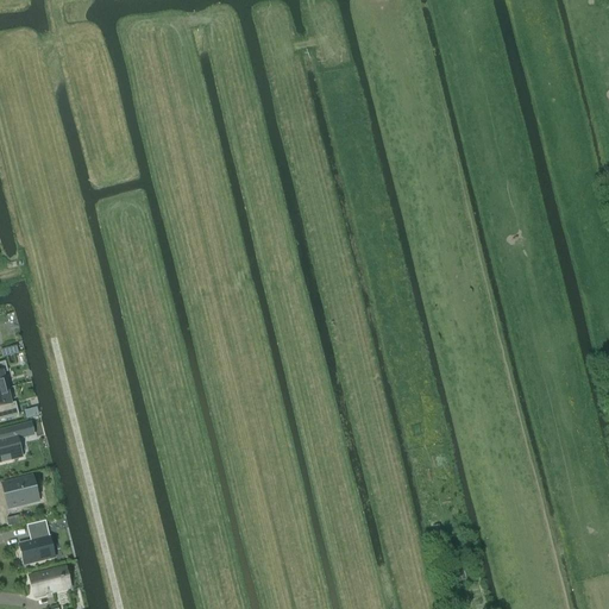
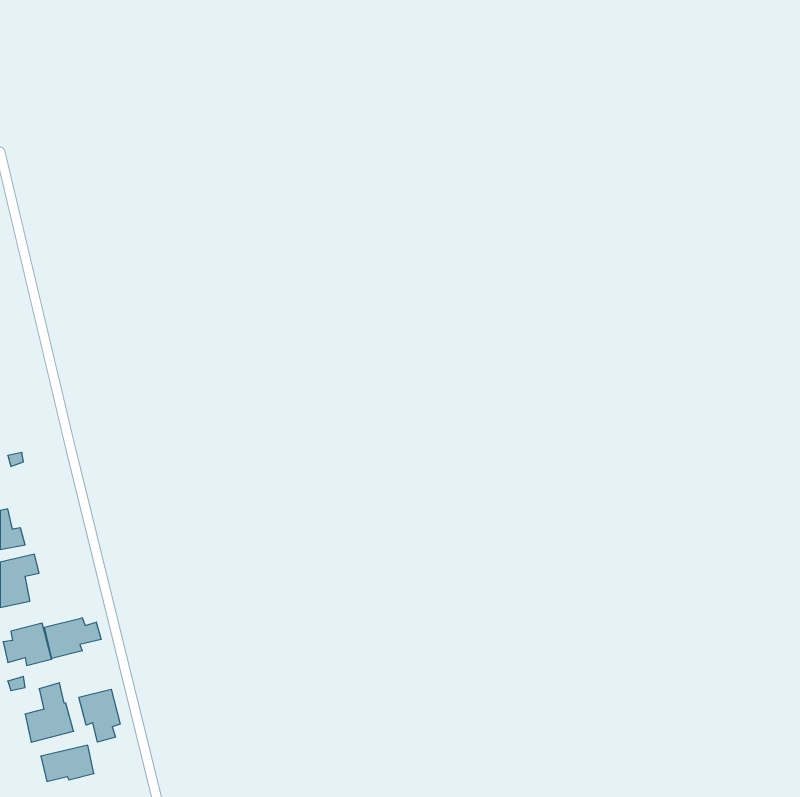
building: none -> [44,618,101,659]
building: none -> [79,689,120,742]

